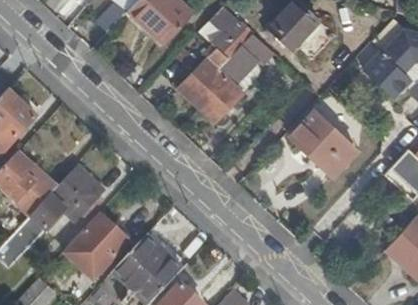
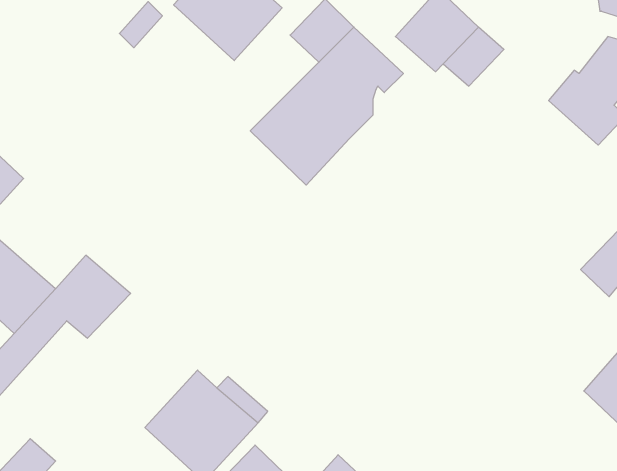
building: [289,111,355,176] -> none
building: [66,214,128,276] -> none

